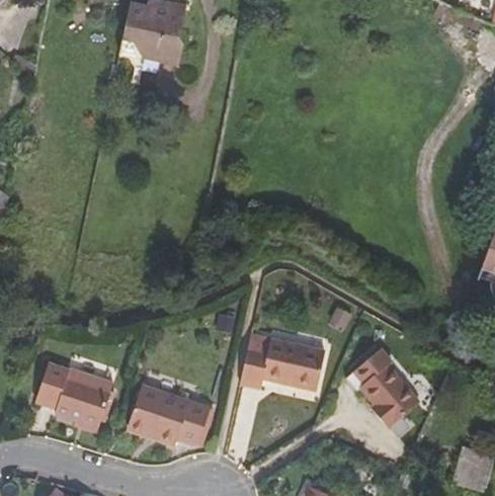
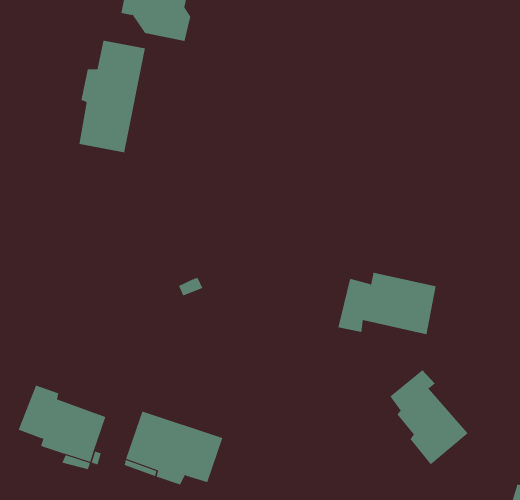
building: none -> [79,40,146,153]
building: [240,337,325,391] -> [338,272,437,335]

